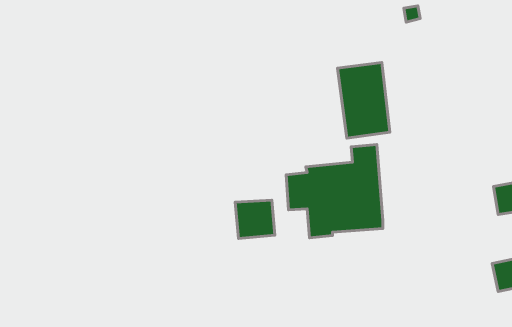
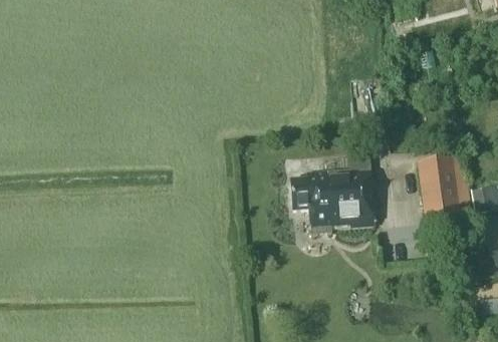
building: [337,62,390,138] -> [418,154,463,220]
building: [235,200,275,239] -> none

